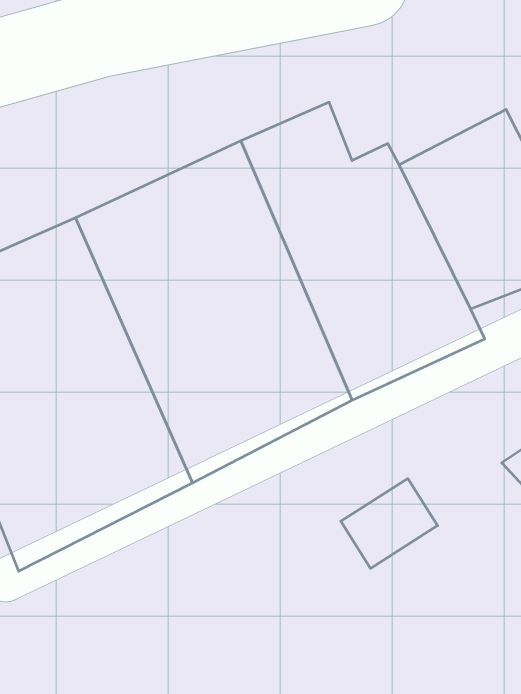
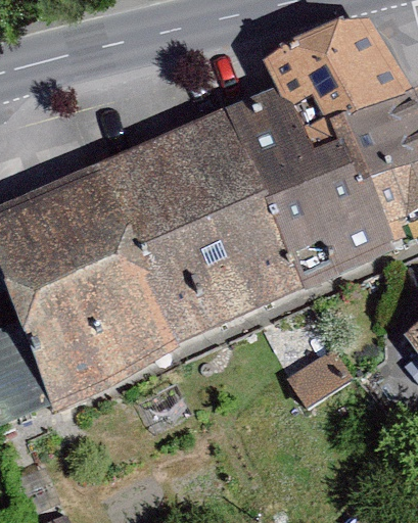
building: none -> [278,26,405,123]

